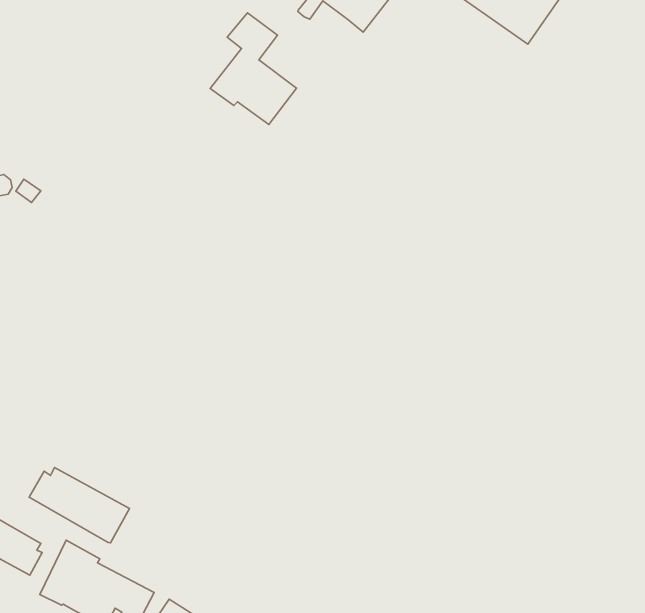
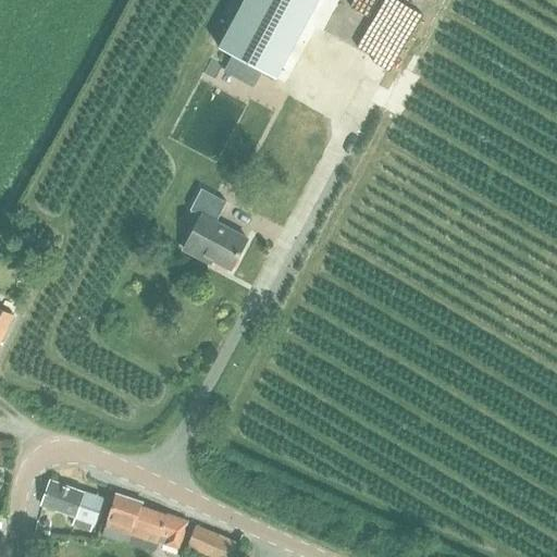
building: [210,13,297,124] -> [182,188,246,269]
building: [29,467,130,543] -> none

